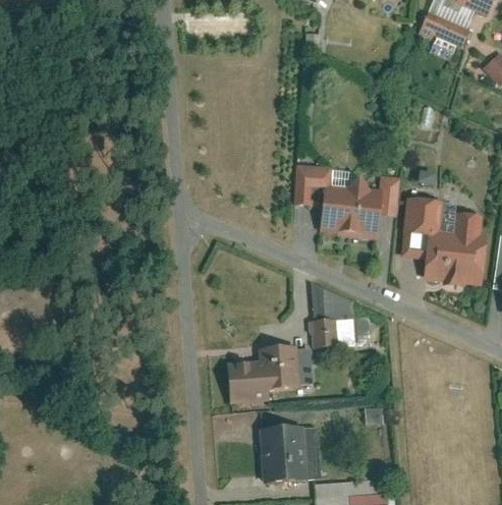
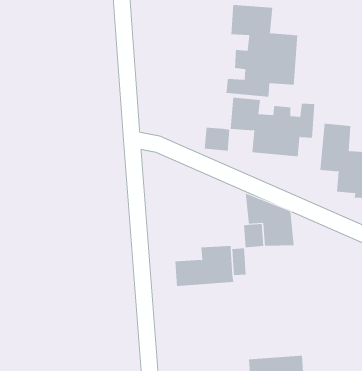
building: none -> [226,4,298,97]
building: none -> [204,127,230,151]
building: [259,427,320,483] -> none

